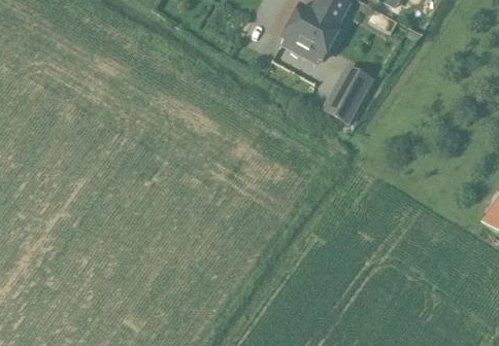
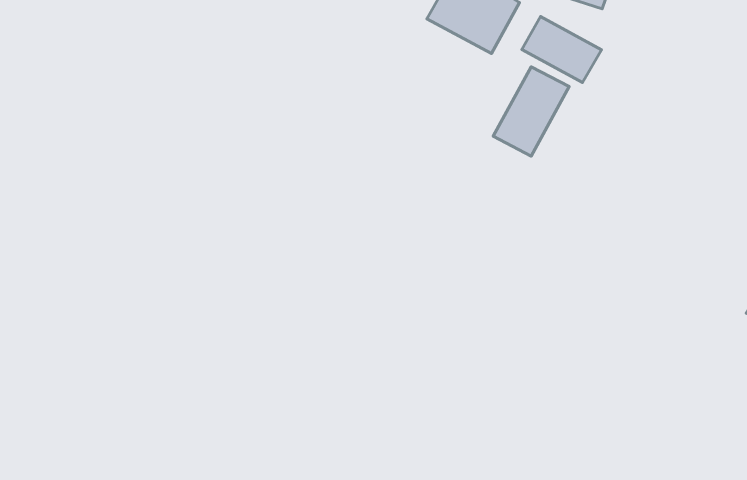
building: none -> [522,16,601,83]

